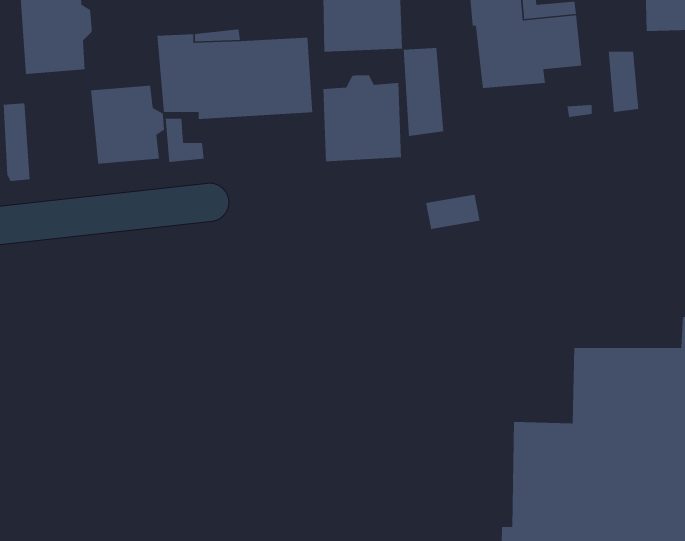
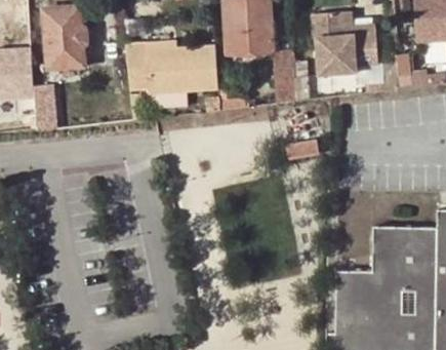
building: [323,74,402,162] -> none
building: [90,85,165,164] -> none

